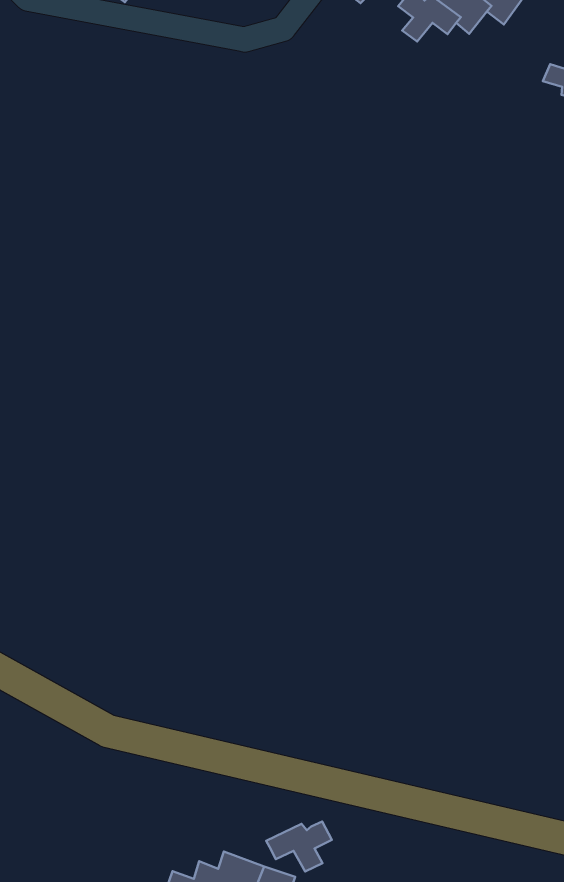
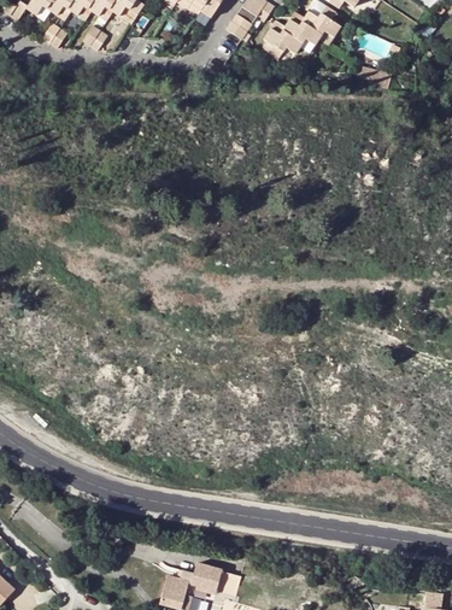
building: [266,821,332,872] -> none

